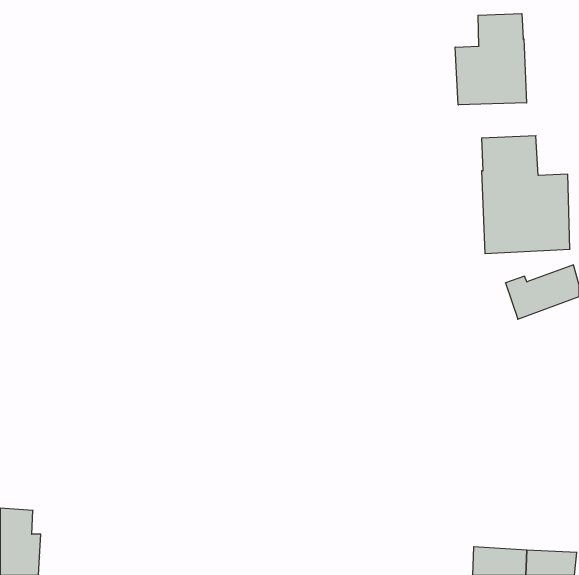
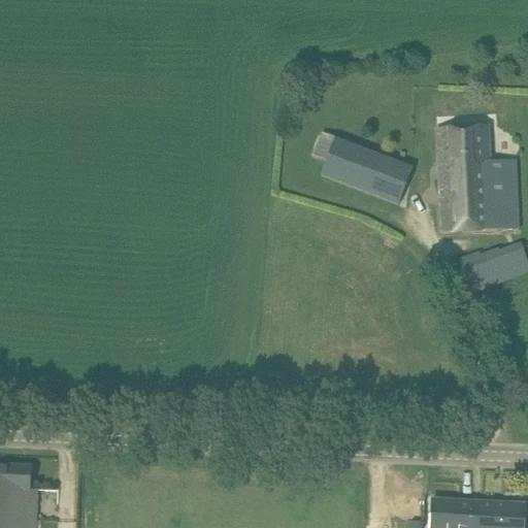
building: [455,14,527,105] -> none
building: none -> [314,131,412,202]

